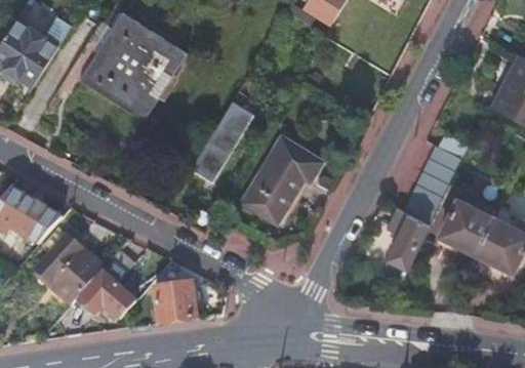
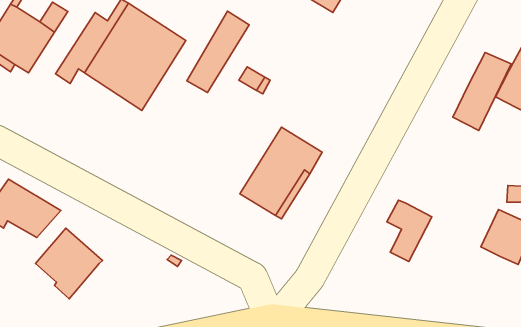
building: [192,100,253,180] -> [187,11,249,92]
building: [403,148,460,224] -> [453,53,511,131]
building: [440,200,494,254] -> none
building: [79,249,137,321] -> none
building: [155,283,198,325] -> none

